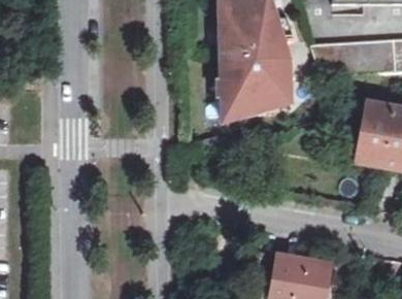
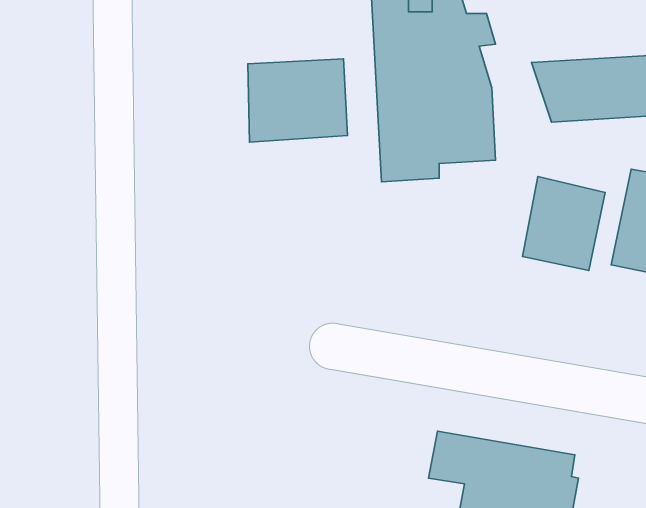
building: none -> [248,59,347,142]
building: none -> [522,177,605,271]

